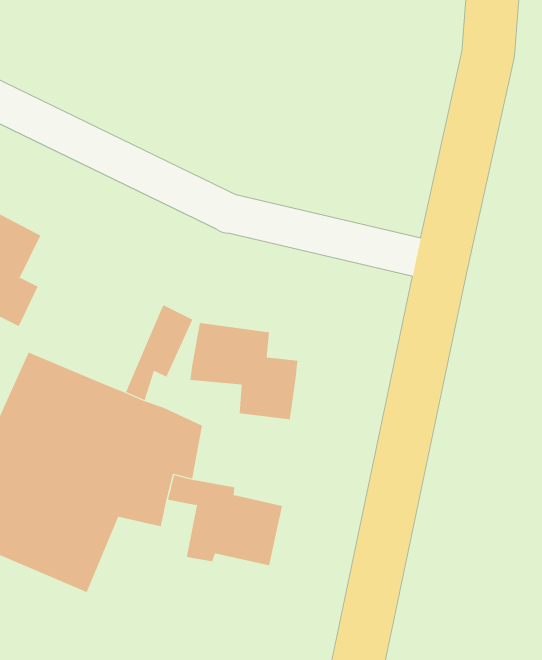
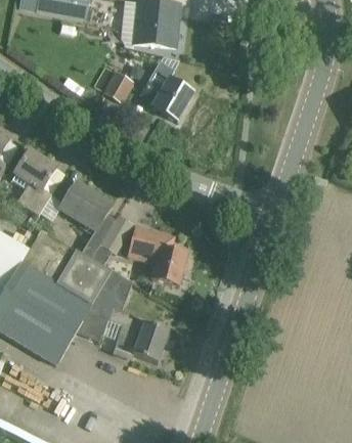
building: none -> [96,64,135,101]
building: none -> [141,78,193,121]
building: none -> [60,180,116,258]

